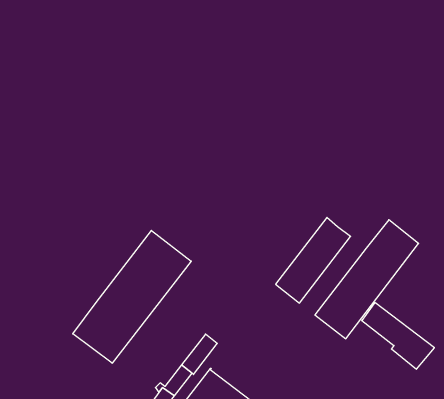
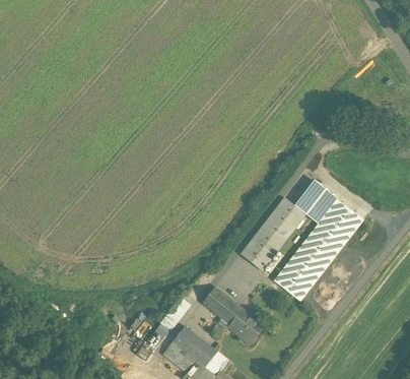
building: none -> [292,180,336,224]
building: [73,230,191,363] -> none
building: [362,303,434,369] -> [202,288,264,344]

